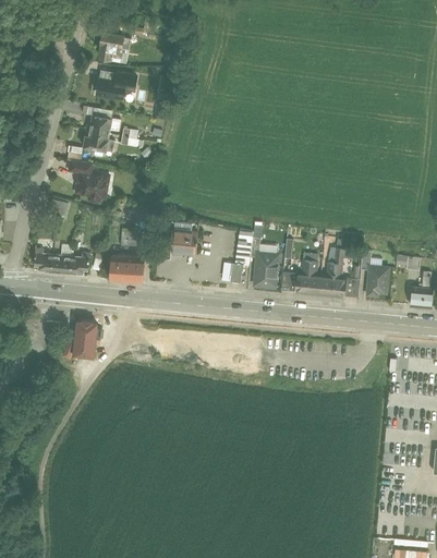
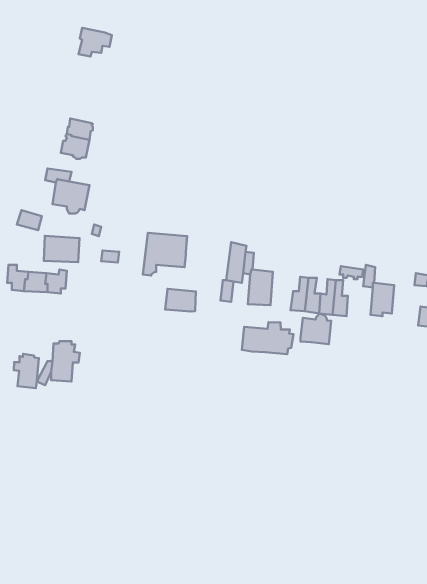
building: [95,69,136,99] -> none
building: [110,254,143,278] -> [44,236,79,262]
building: none -> [165,289,196,312]
building: none -> [301,314,331,344]
building: none -> [242,322,293,354]
building: none -> [14,354,39,388]

